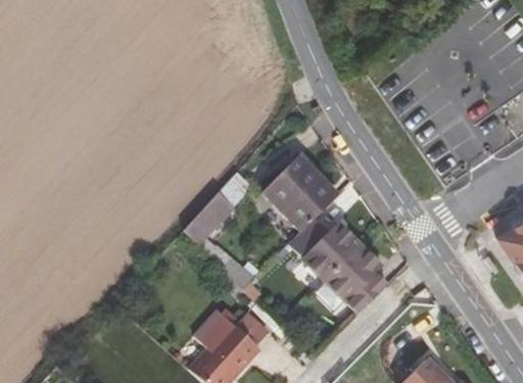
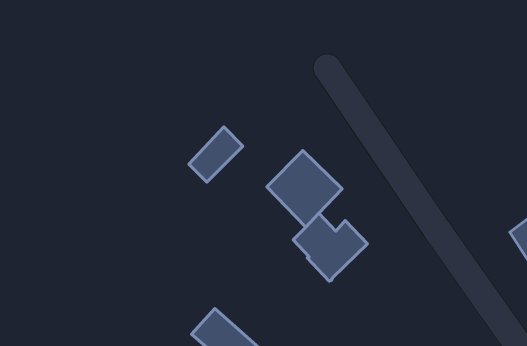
building: [183,194,235,247] -> [189,127,243,182]
building: [326,245,387,305] -> none

